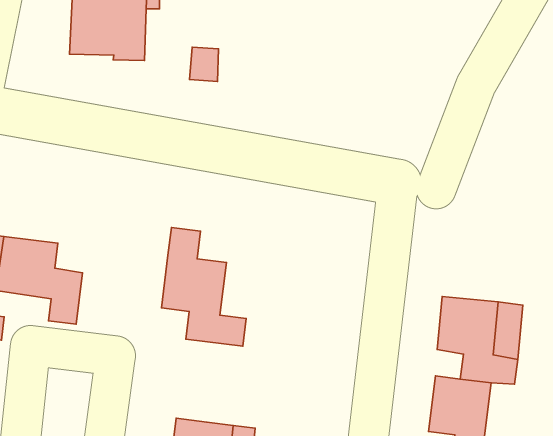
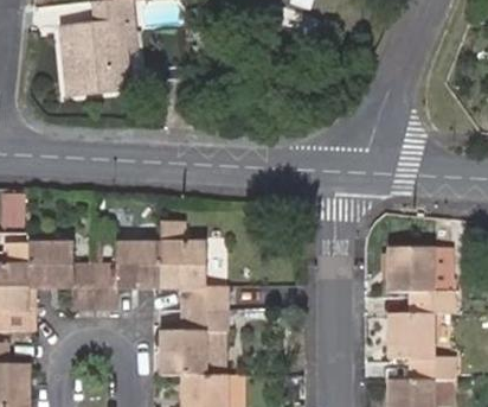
building: none -> [95,244,161,309]
building: none -> [161,310,231,374]

